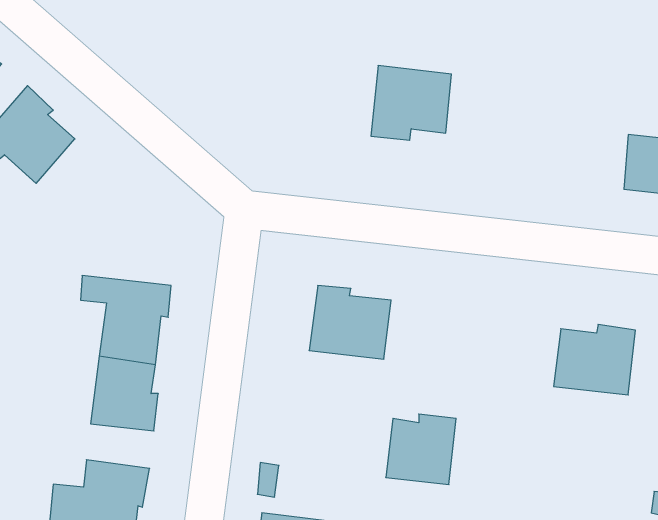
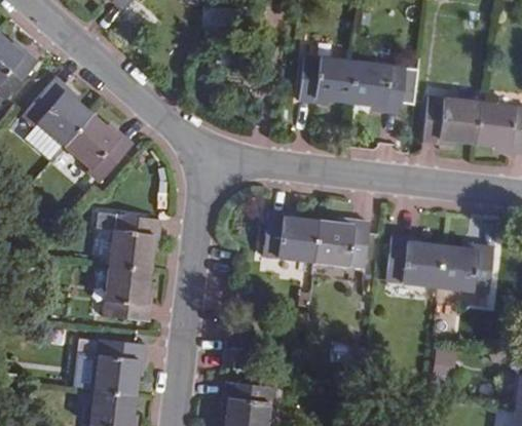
building: none -> [358,64,410,119]
building: none -> [435,102,488,153]
building: none -> [65,110,135,179]
building: none -> [385,235,440,286]
building: [386,414,456,485] -> [313,222,364,272]

